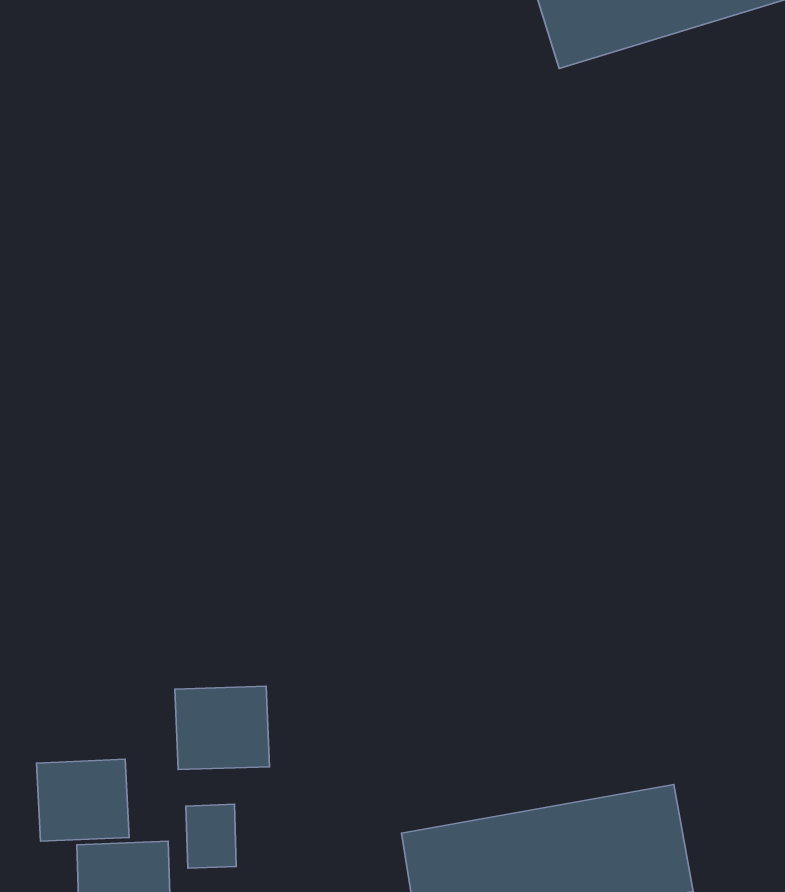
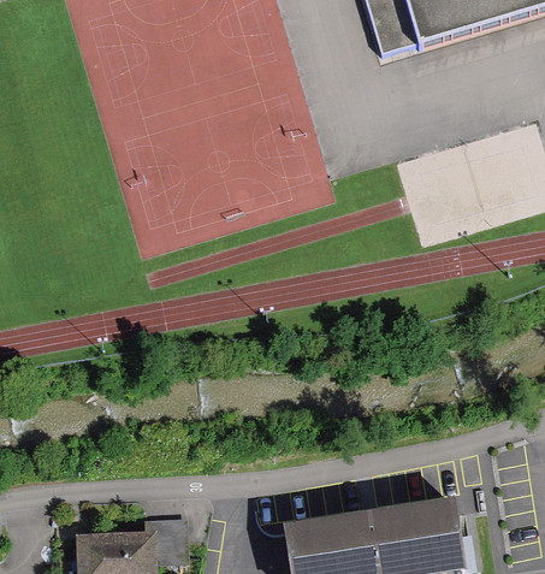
building: [175,686,270,770] -> none
building: [36,759,129,841] -> none

